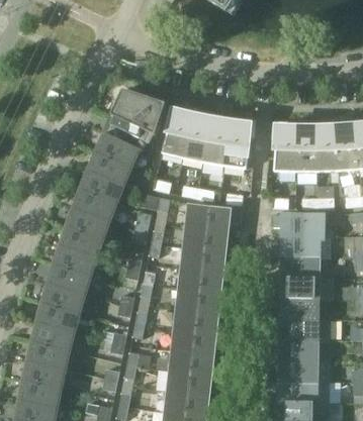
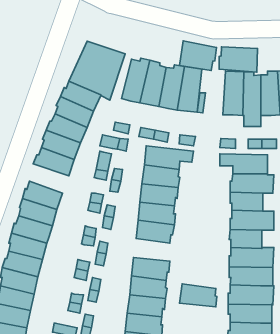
building: none -> [179,41,216,71]
building: none -> [219,47,258,72]
building: [60,225,103,257] -> none
building: [175,308,216,333] -> [179,284,217,307]

